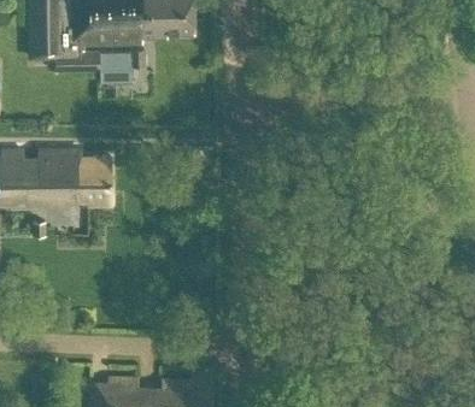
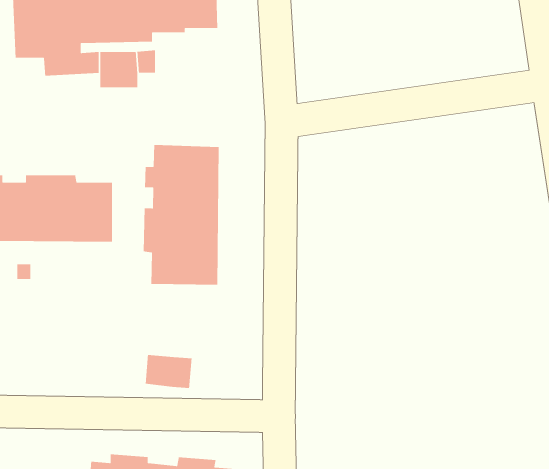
building: none -> [143,144,220,285]
building: none -> [145,354,192,389]

